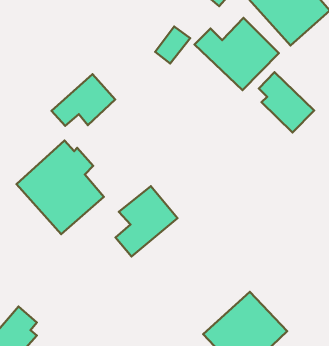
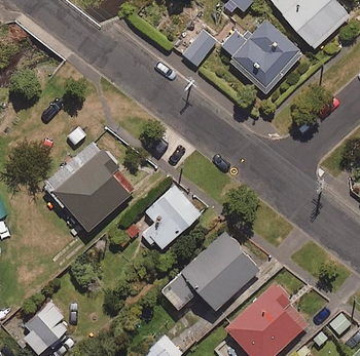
building: [259,72,314,132] -> none
building: [52,74,115,126] -> none
building: none -> [161,233,259,310]

